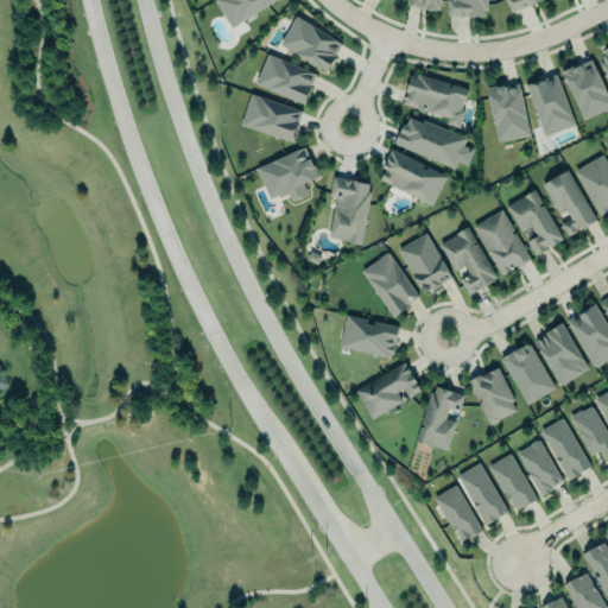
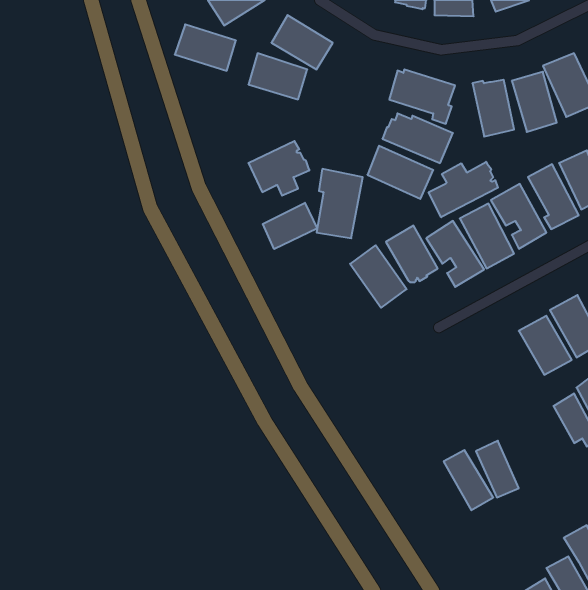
building: [241,95,304,142] -> [175,24,236,71]
building: none -> [429,162,498,217]
building: none -> [263,203,317,249]
building: [341,315,400,357] -> none
building: [501,343,557,405] -> none
building: [356,363,423,420] -> none
building: [469,368,515,425] -> none
building: [417,386,466,450] -> none
building: [542,418,593,479] -> none
building: [518,439,564,495] -> none
building: [436,486,483,544] -> none

